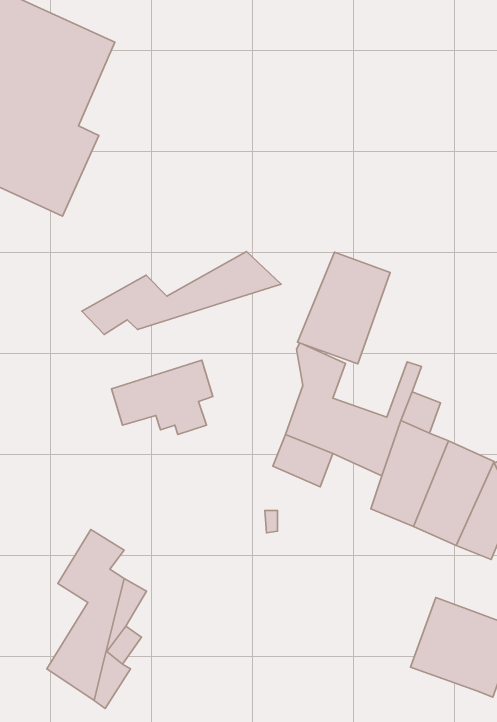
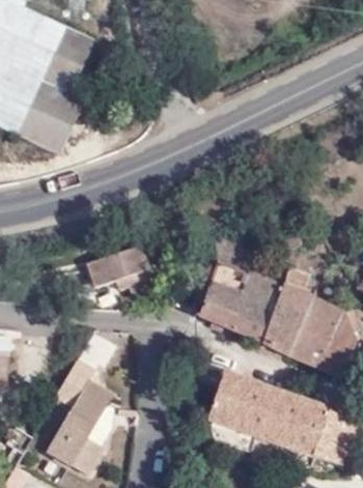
building: [82,251,281,335] -> none
building: [298,252,390,364] -> none
building: none -> [228,307,269,343]
building: none -> [208,372,304,447]

